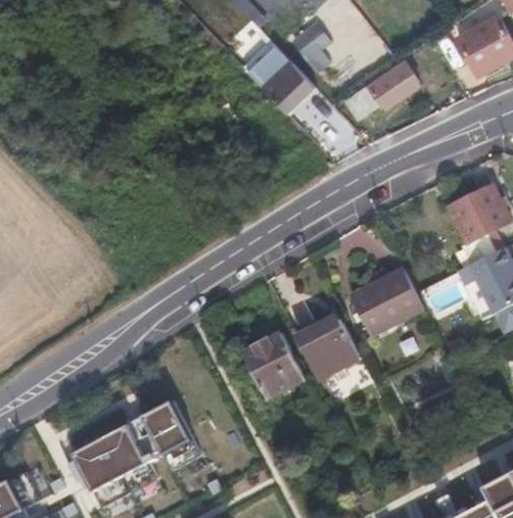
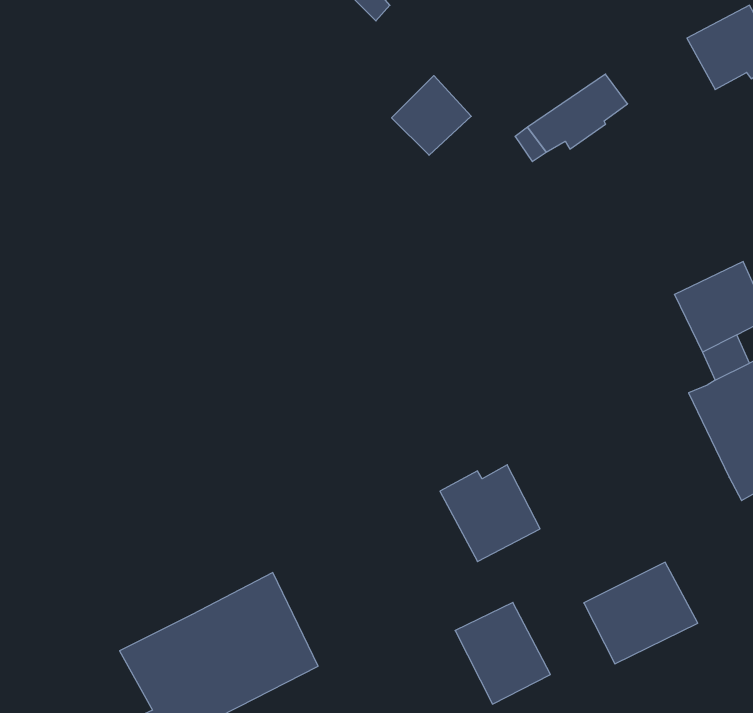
building: [288,19,331,60] -> none
building: [242,41,291,90] -> none
building: [349,269,424,335] -> [584,562,698,664]
building: [242,332,305,398] -> [455,602,550,704]

